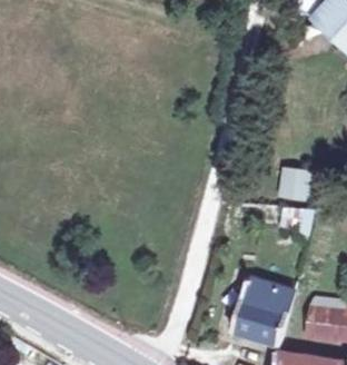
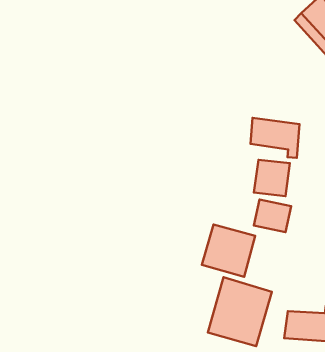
building: none -> [251,118,300,158]
building: none -> [202,224,255,277]

